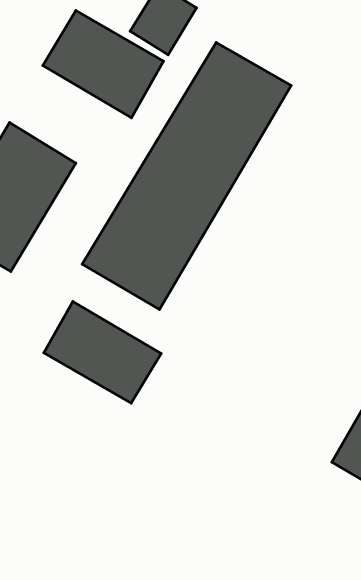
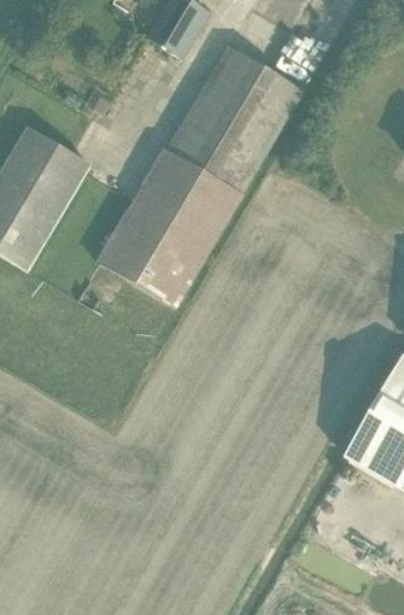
building: [43,11,164,118] -> none
building: [44,302,161,403] -> none

